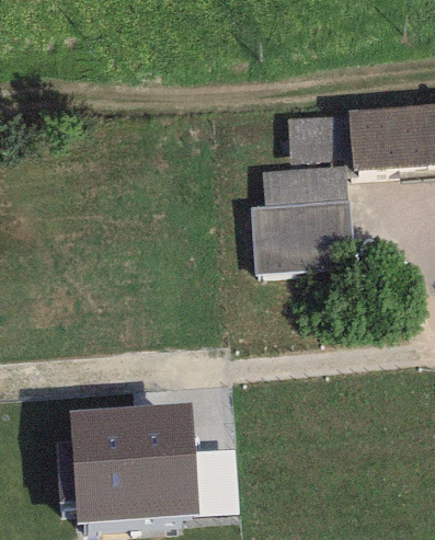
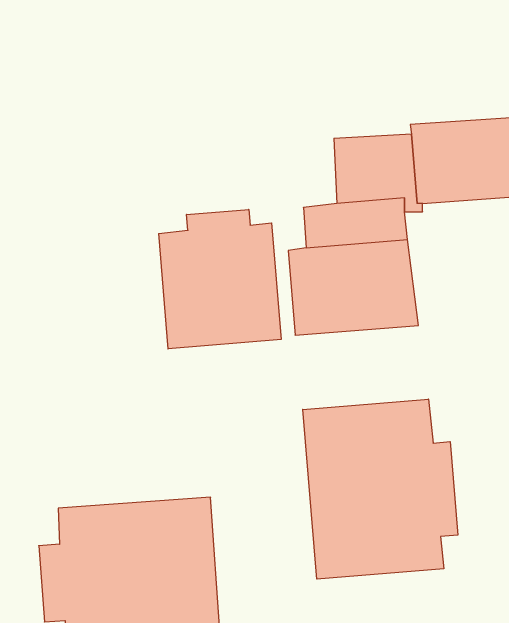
building: none -> [159,209,281,349]
building: none -> [303,399,458,579]

